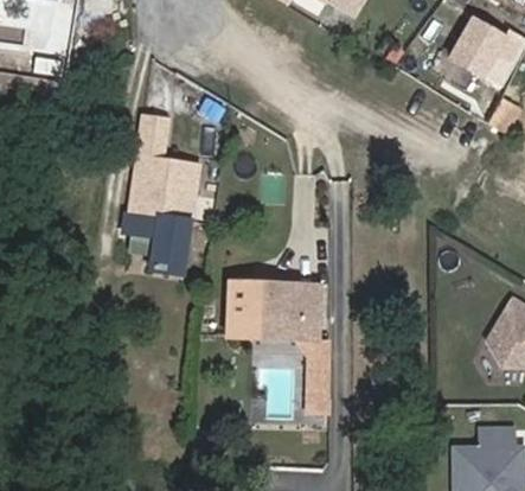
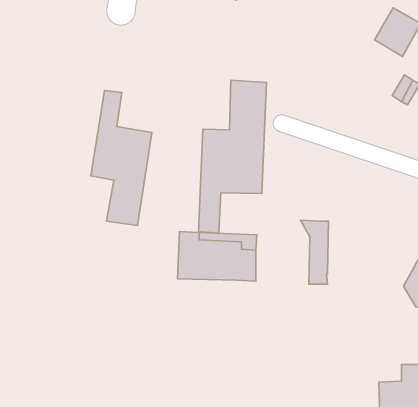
building: none -> [199,80,267,233]
building: [295,334,327,408] -> [301,220,328,284]

